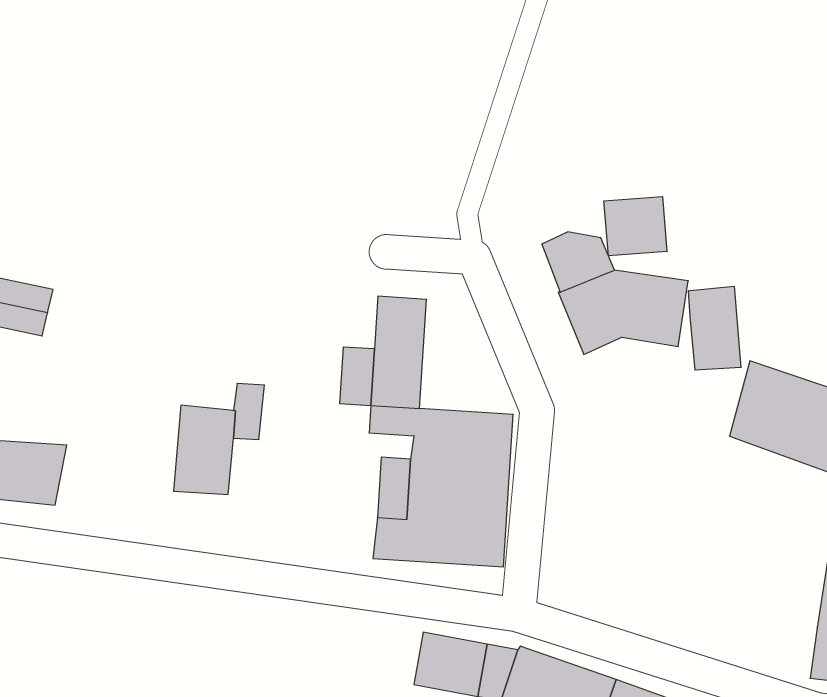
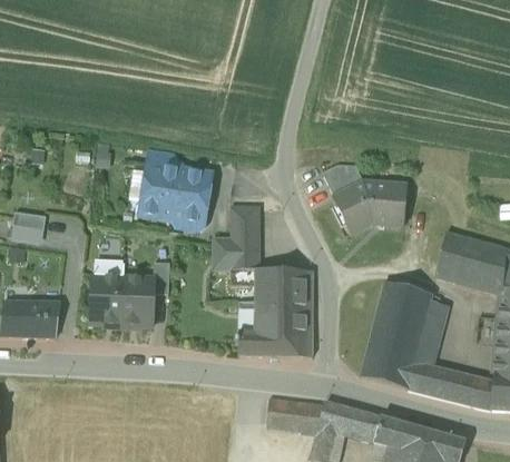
building: [604,197,667,256] -> none
building: none -> [141,165,210,223]
building: [689,286,741,370] -> none
building: none -> [91,258,125,325]
building: none -> [361,281,493,409]

